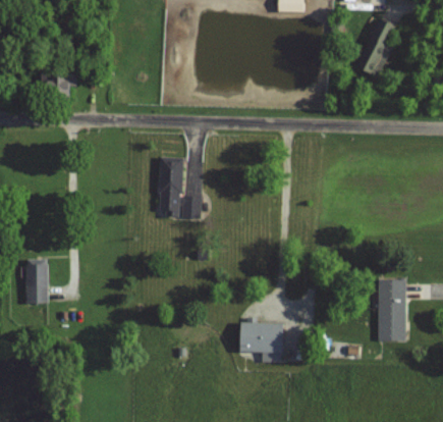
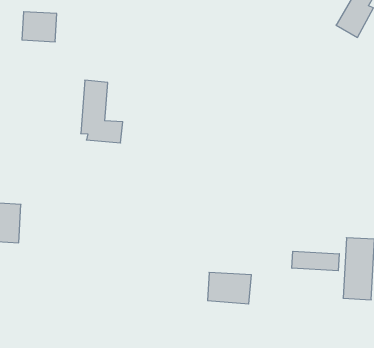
building: [159,156,201,217] -> [81,80,123,143]
building: none -> [292,251,339,271]

